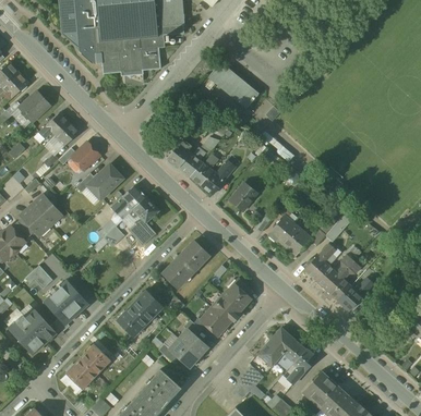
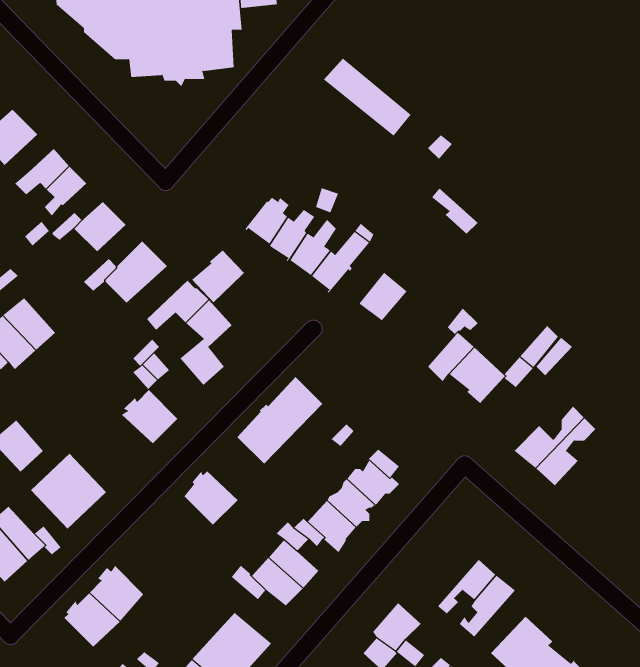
building: none -> [191,249,245,303]
building: [304,245,336,281] -> none
building: [338,279,374,311] -> none
building: [117,306,148,337] -> [121,389,178,444]
building: [257,328,296,367] -> none

